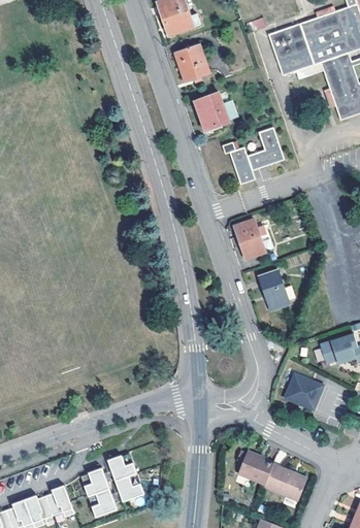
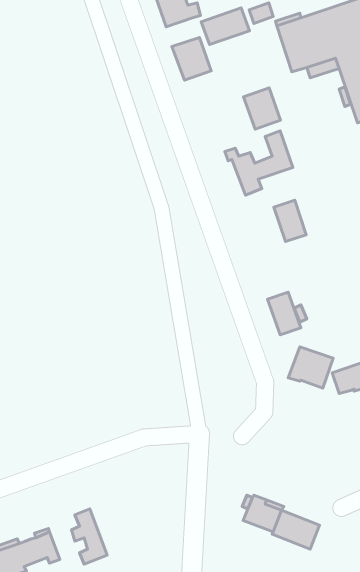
building: none -> [201,8,250,45]
building: [198,93,231,130] -> [244,88,281,129]
building: [236,221,265,258] -> [274,200,306,242]
building: [286,373,326,410] -> [288,347,333,388]
building: [108,454,144,500] -> none

